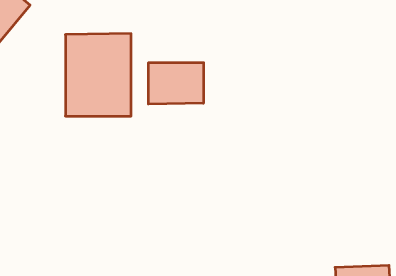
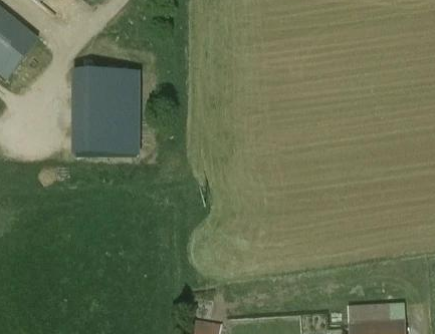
building: [148,63,204,104] -> none

